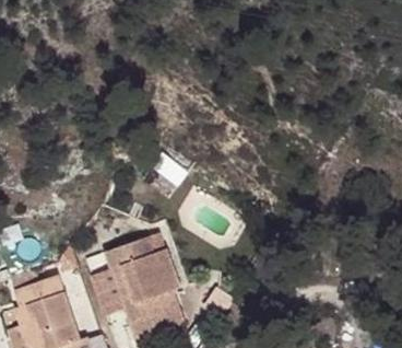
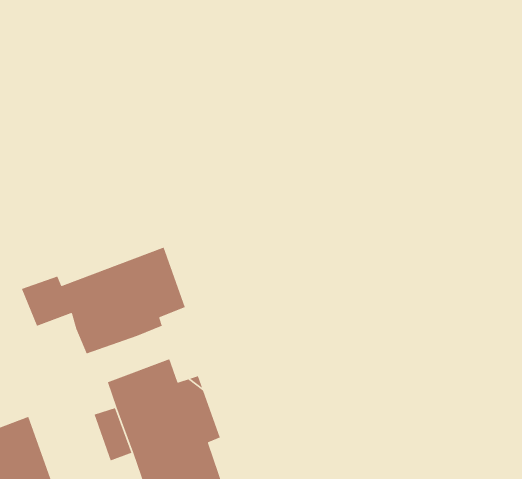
building: none -> [21,246,186,355]

